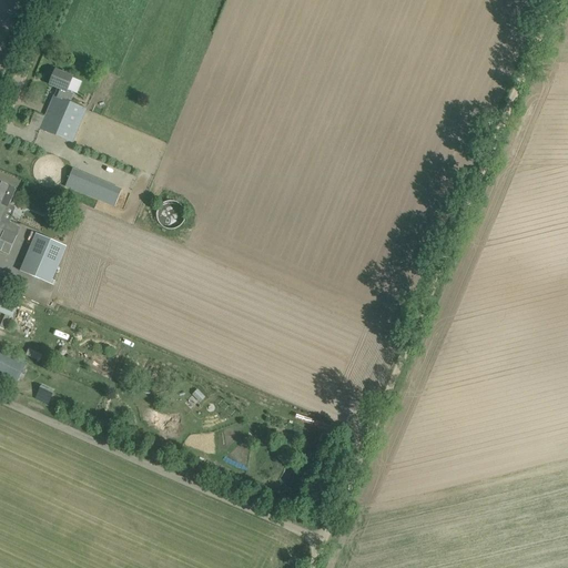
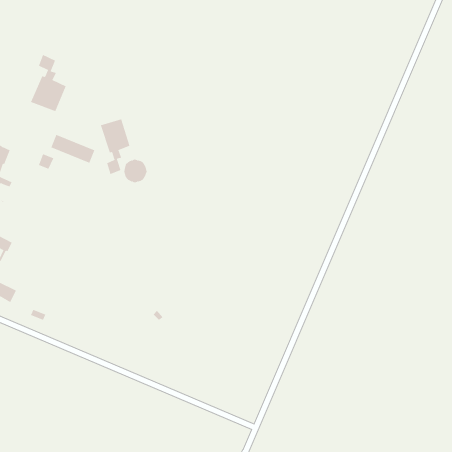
building: none -> [100,119,130,175]
building: [20,232,63,280] -> none

